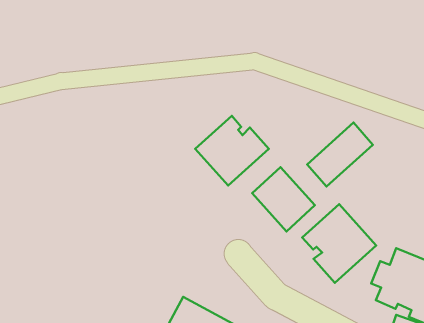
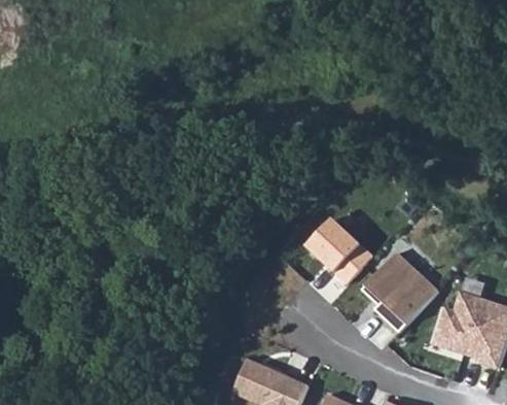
building: [195,116,269,185] -> none
building: [307,123,373,186] -> none

